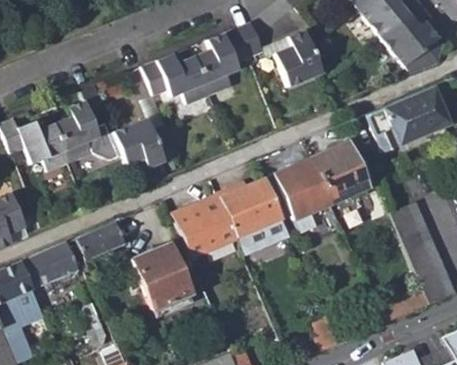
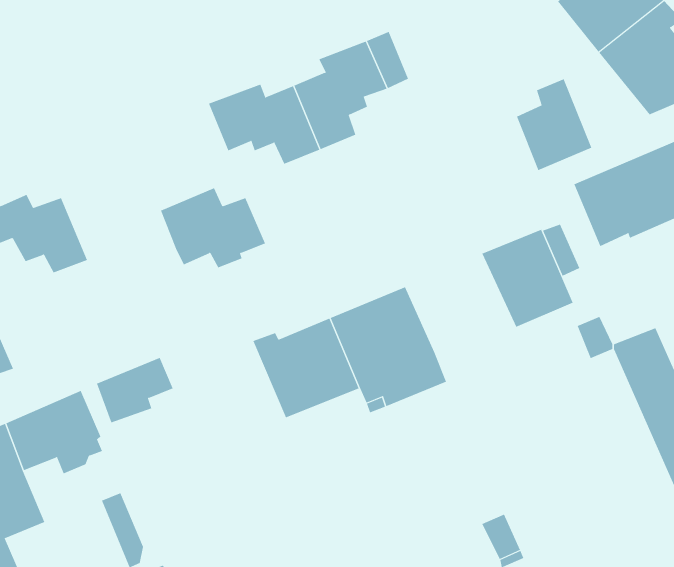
building: [279,29,325,85] -> [516,79,592,171]
building: [55,86,124,162] -> none
building: [264,158,331,233] -> none
building: [130,243,187,308] -> none

